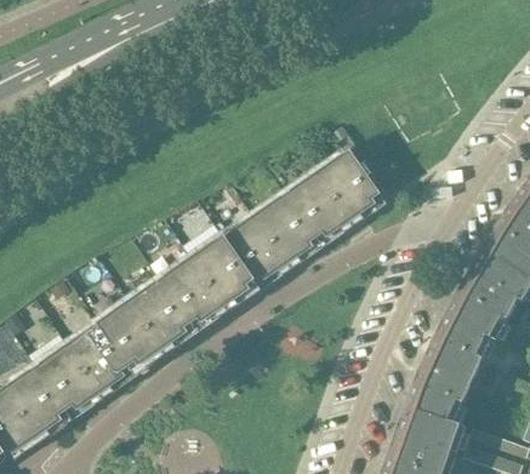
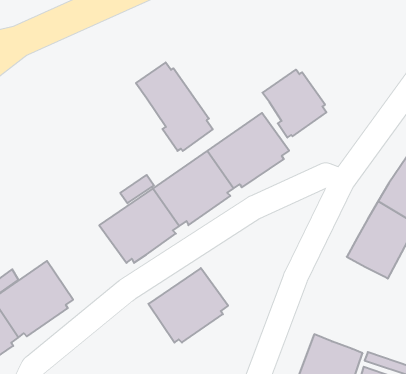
building: none -> [136,62,213,151]
building: none -> [262,70,326,138]
building: [102,280,194,366] -> [148,268,228,343]
building: [411,316,492,423] -> none

